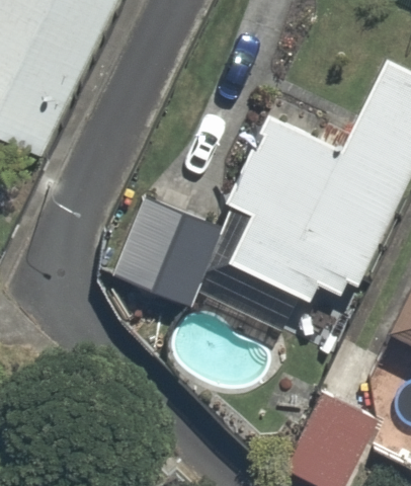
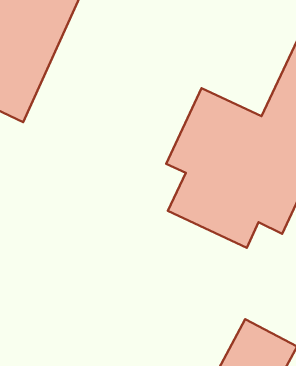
building: [104,196,229,320] -> none

